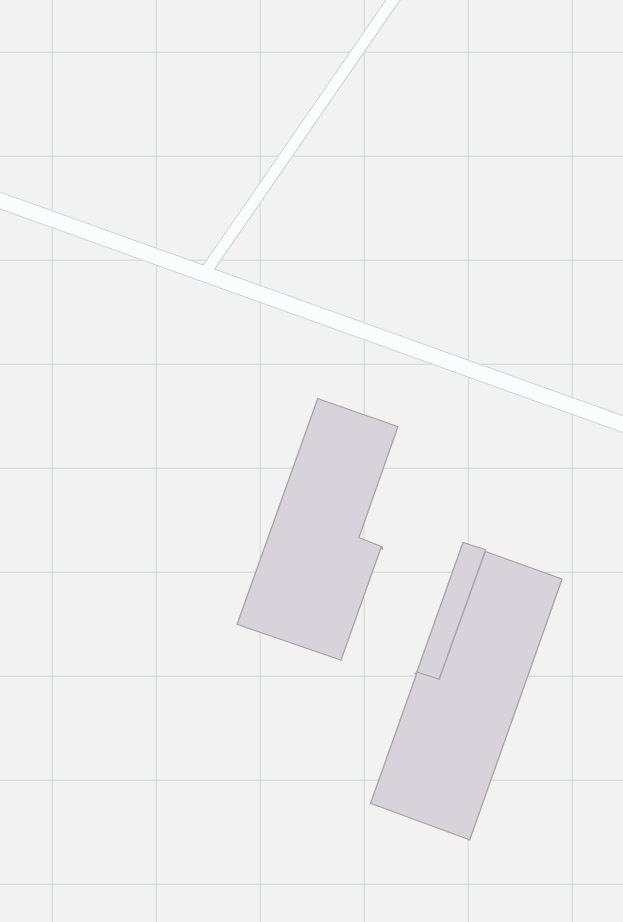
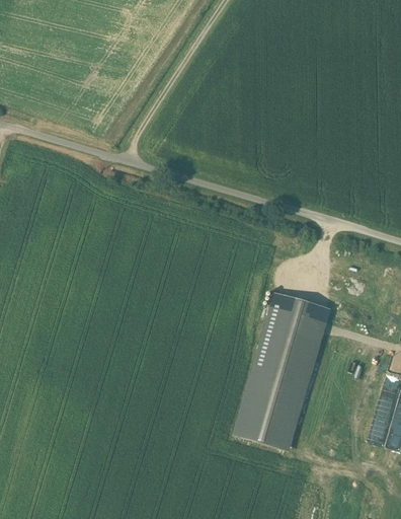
building: [237,398,398,660] -> none

